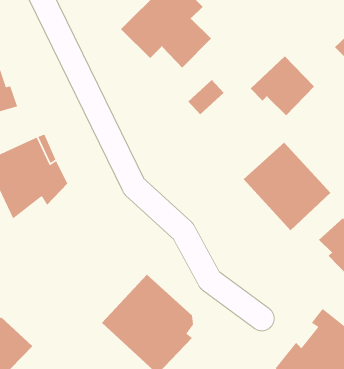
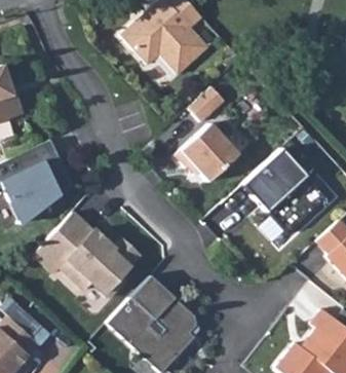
building: [250,56,315,116] -> [182,123,244,182]
building: none -> [36,212,141,297]

